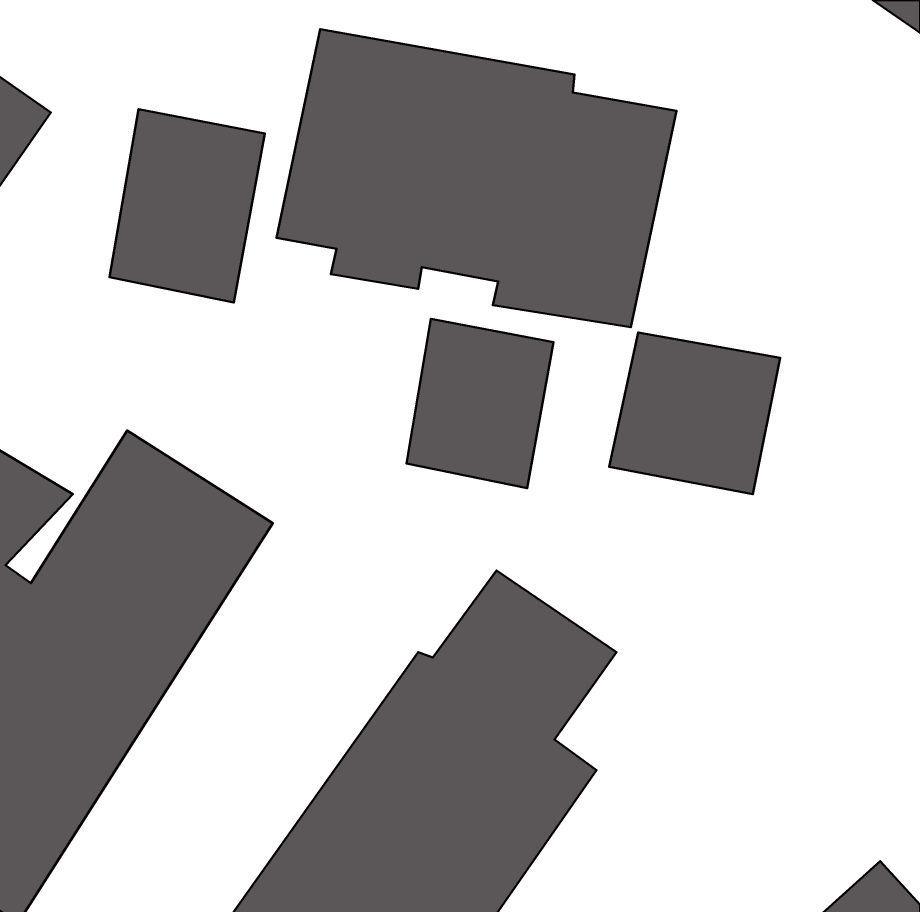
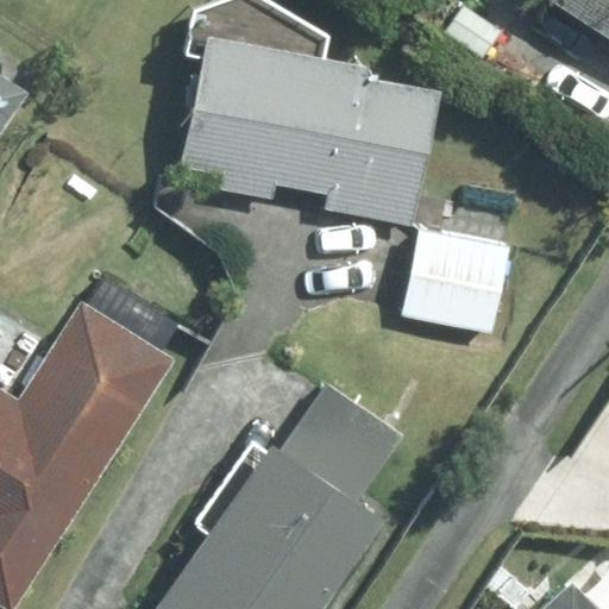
building: [110,109,265,303] -> none
building: [406,319,554,488] -> none

